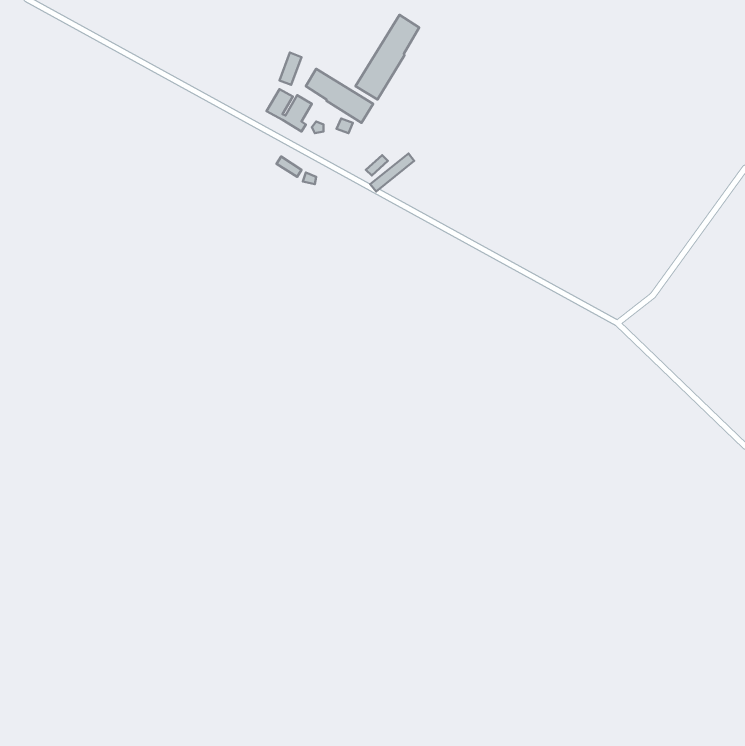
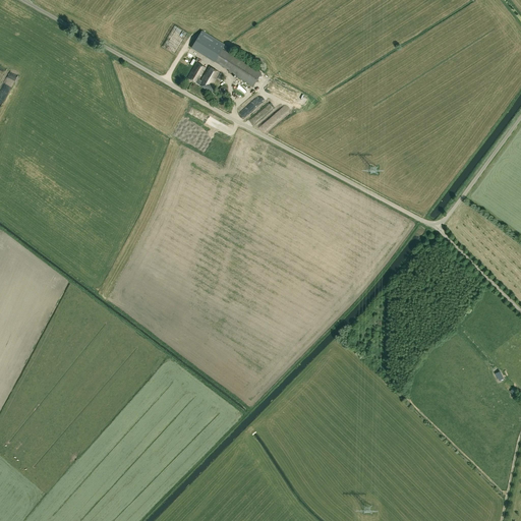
building: [356,15,419,100] -> none

